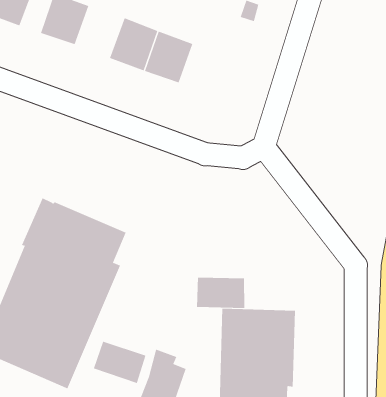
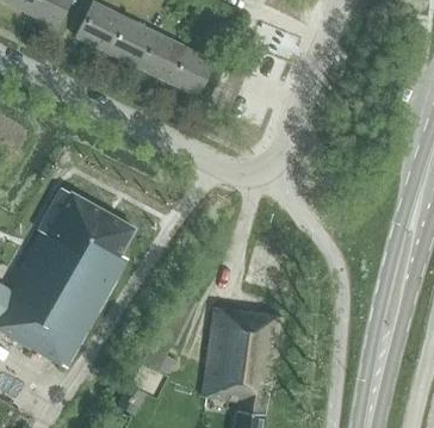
building: none -> [105,15,153,66]
building: [196,277,245,309] -> none
building: [93,341,146,384] -> none

